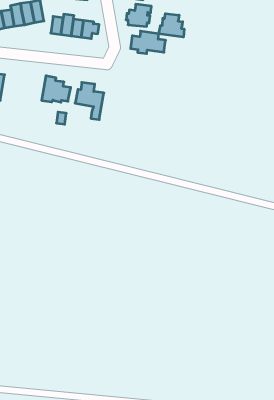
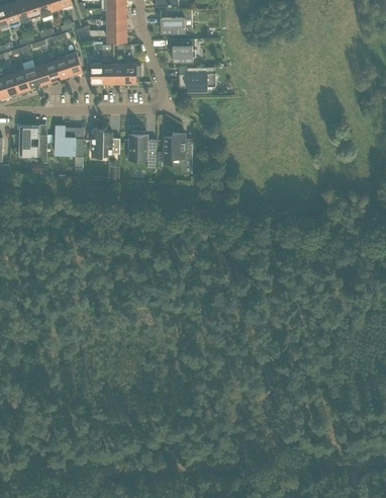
building: [159,14,184,37] -> none
building: none -> [54,128,83,177]
building: none -> [163,134,192,164]

